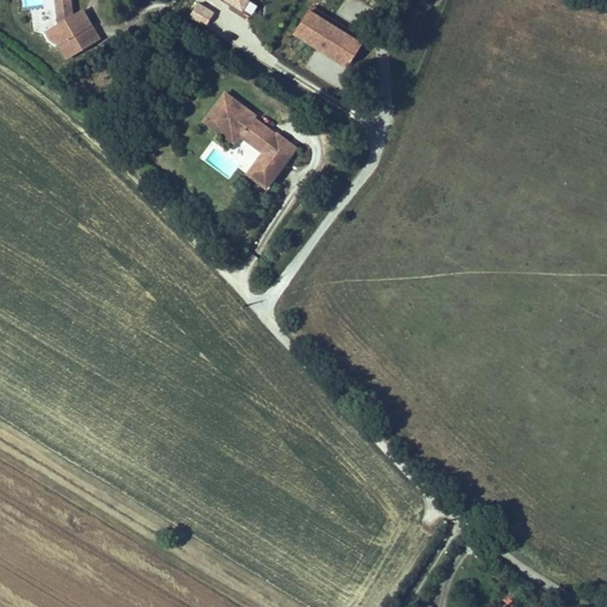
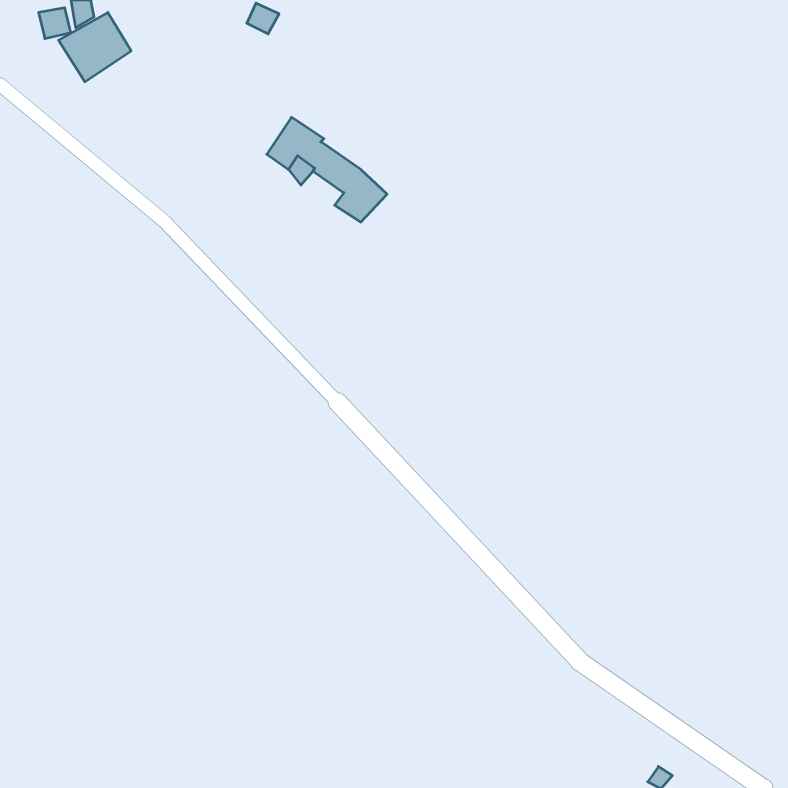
building: [294,11,364,68] -> none
building: [245,158,277,187] -> none

